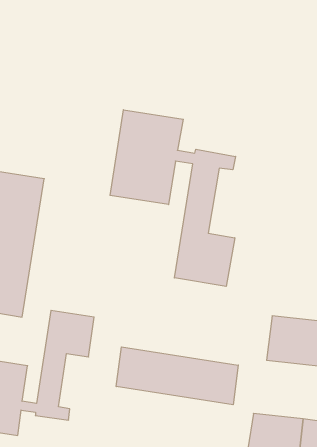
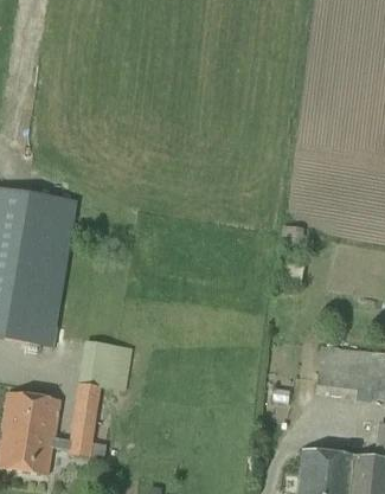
building: [110,110,236,286] -> none
building: [116,347,238,405] -> none

